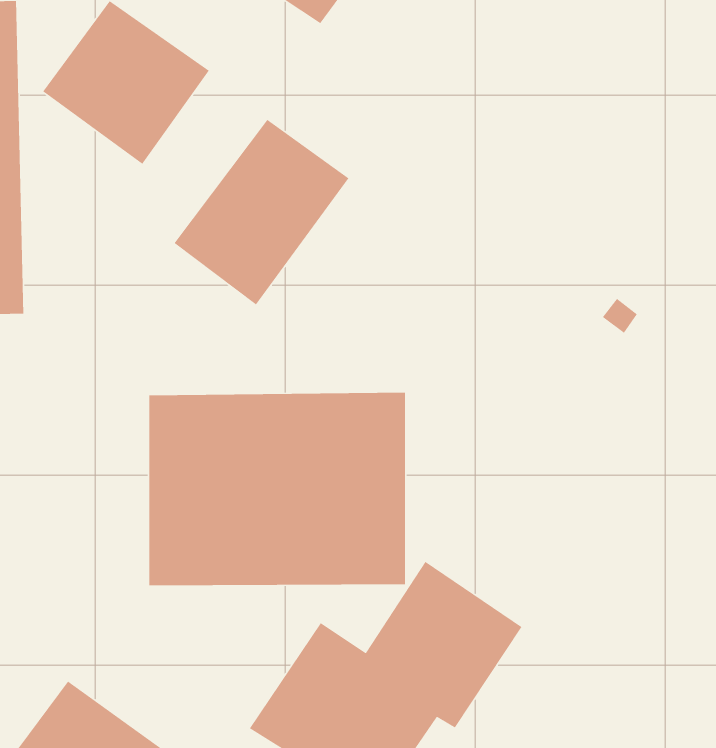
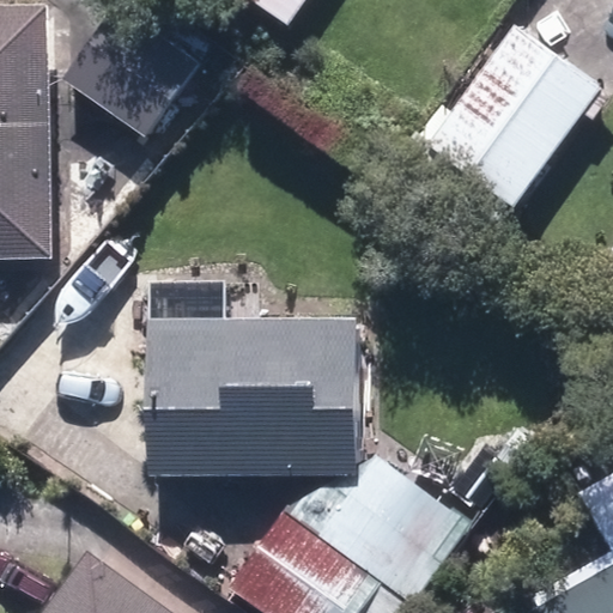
building: none -> [419,26,600,206]
building: [173,119,349,306] -> none

